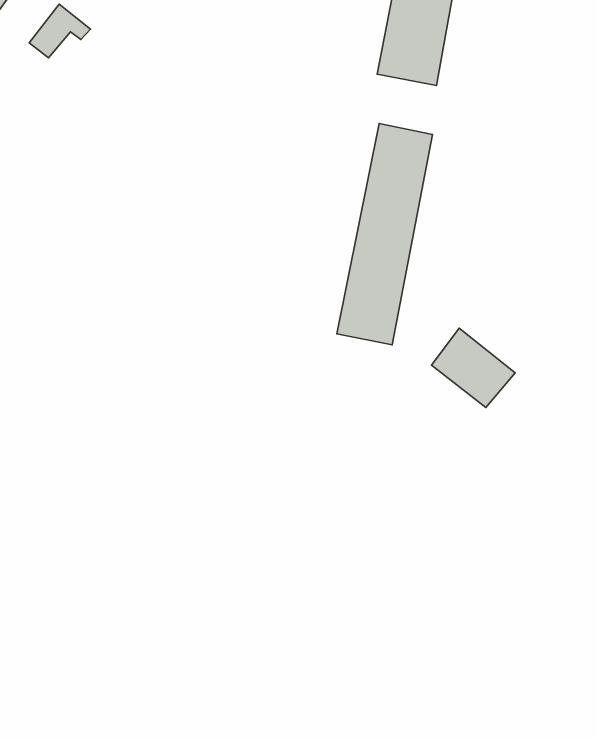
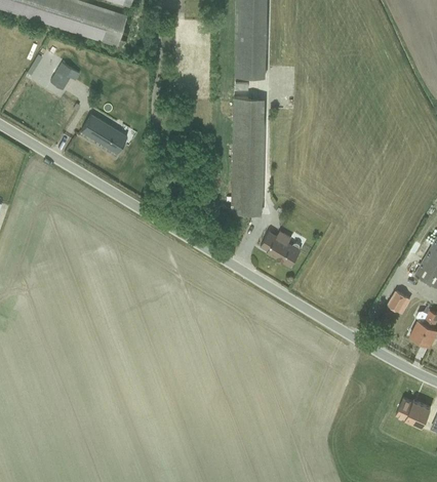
building: none -> [81,114,129,155]
building: [431,328,515,408] -> [261,229,305,268]

